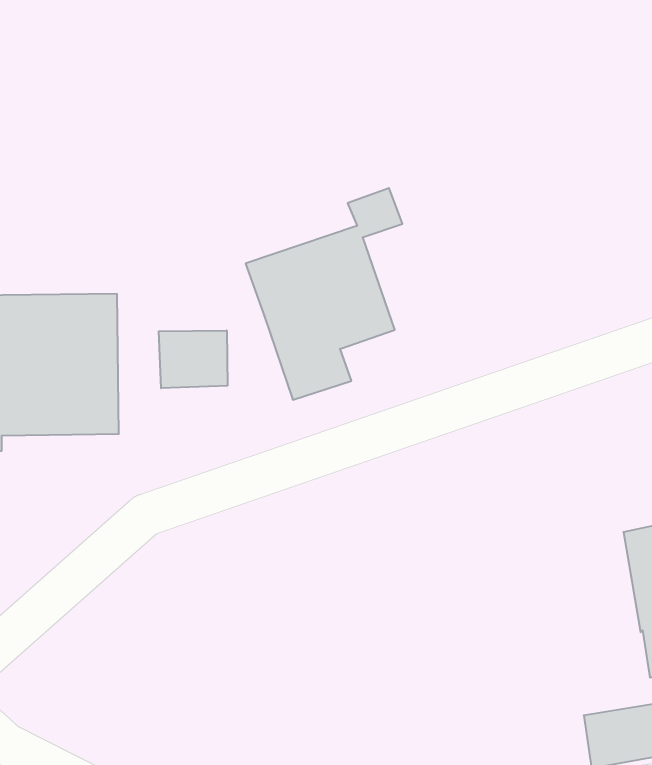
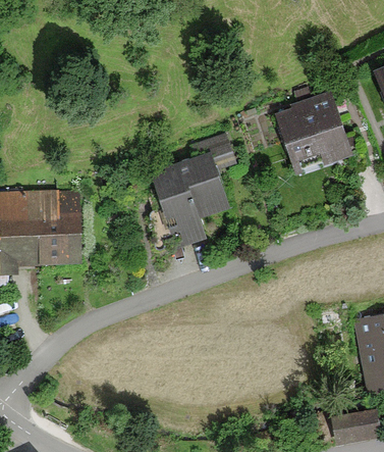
building: none -> [275,91,352,174]
building: [159,330,227,388] -> none

